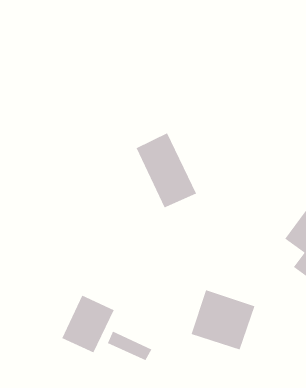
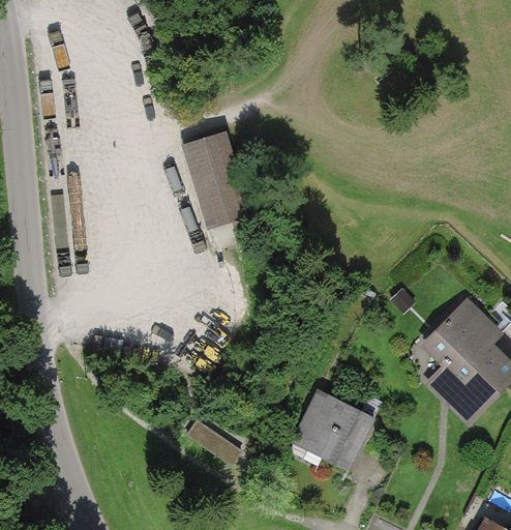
building: [136,132,197,208] -> [182,134,247,225]
building: [61,294,115,354] -> none

